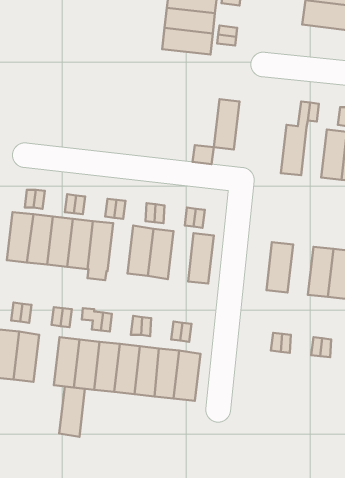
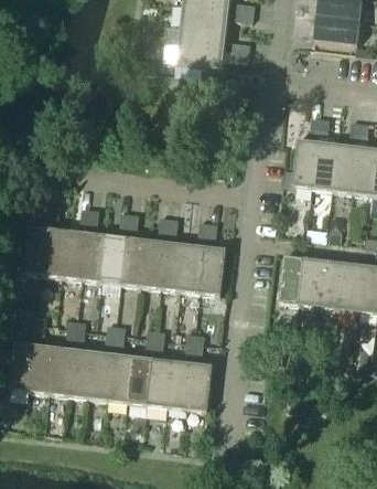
building: [214,99,240,150] -> [312,140,337,190]
building: none -> [121,235,147,285]
building: none -> [181,243,206,293]
building: none -> [299,256,324,306]
building: [59,386,85,437] -> [49,346,74,395]

